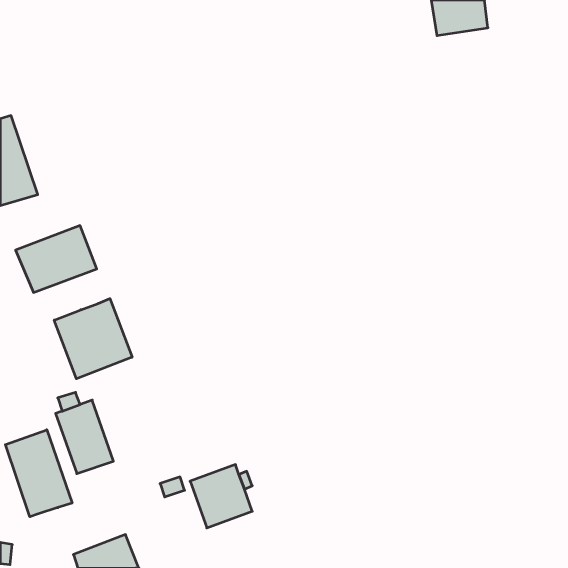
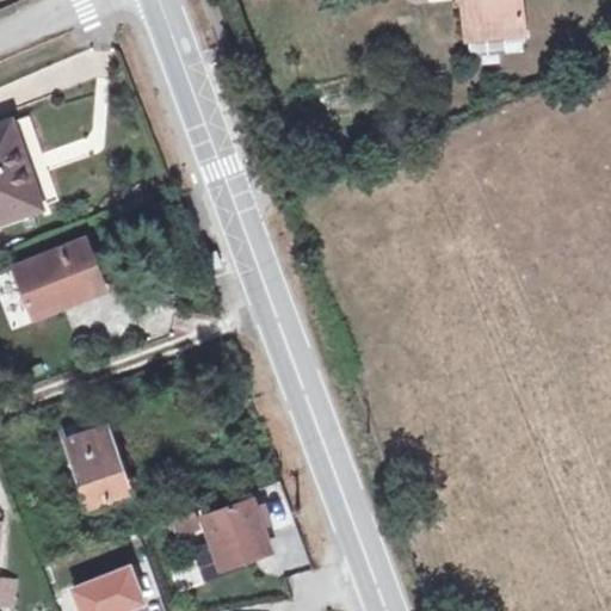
building: [54,299,132,379] -> none
building: [5,430,72,517] -> none

